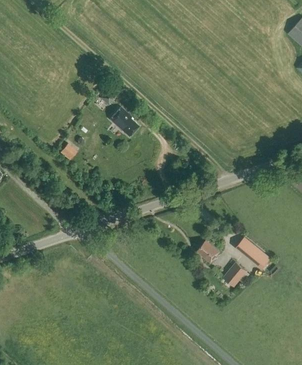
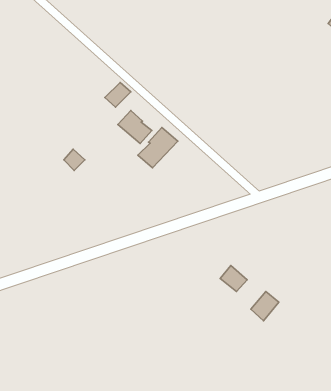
building: none -> [138,127,178,168]
building: [235,236,270,269] -> none

